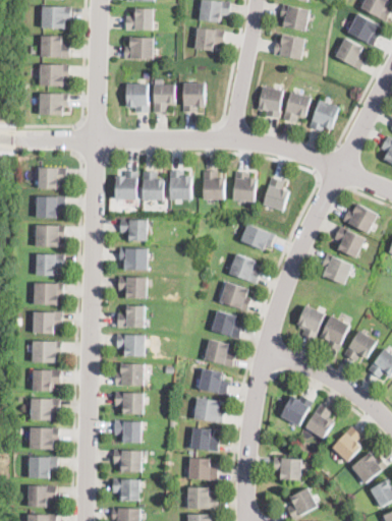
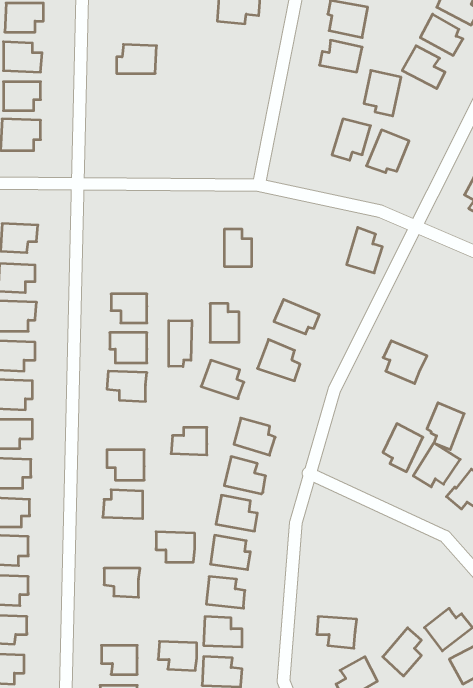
building: [125,7,153,28] -> none
building: [194,26,224,49] -> none
building: [183,81,205,110] -> none
building: [126,82,148,111] -> none
building: [154,83,175,110] -> none
building: [257,84,284,118] -> [364,70,401,116]
building: [143,171,164,200] -> none
building: [170,171,191,199] -> [210,304,239,342]
building: [115,172,136,200] -> none
building: [233,172,257,202] -> none
building: [263,177,289,211] -> [347,227,382,273]
building: [344,205,379,234] -> none
building: [334,227,366,258] -> none
building: none -> [169,320,192,367]
building: [219,283,250,311] -> [201,360,244,399]
building: [297,305,325,340] -> [427,403,464,450]
building: [117,307,144,328] -> [171,427,207,455]
building: [115,393,144,415] -> [156,532,195,562]
building: [280,396,312,426] -> none
building: [304,404,334,439] -> none
building: [332,426,360,462] -> [383,628,421,676]
building: [113,451,142,472] -> [158,641,197,670]

